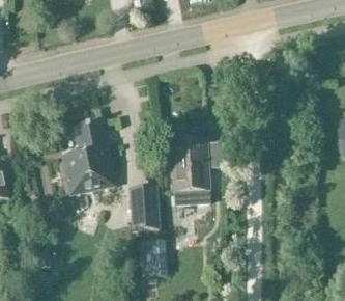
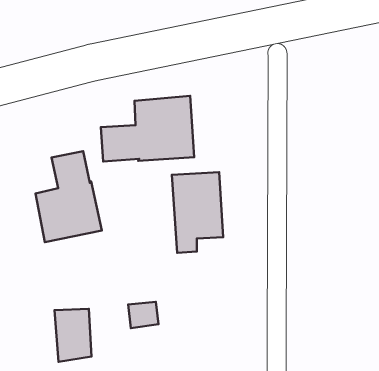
building: none -> [101,96,194,161]
building: [130,186,159,227] -> [54,309,91,362]

